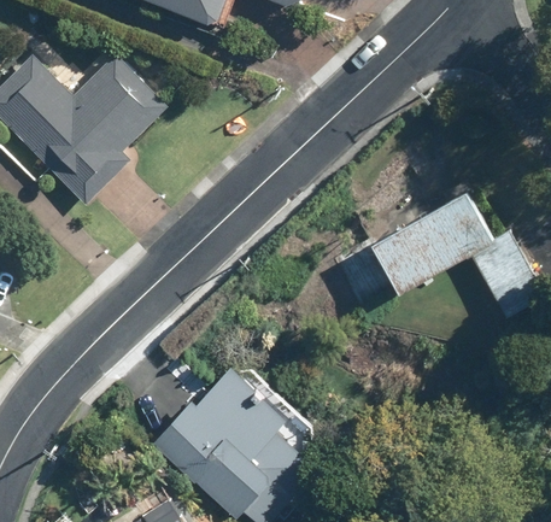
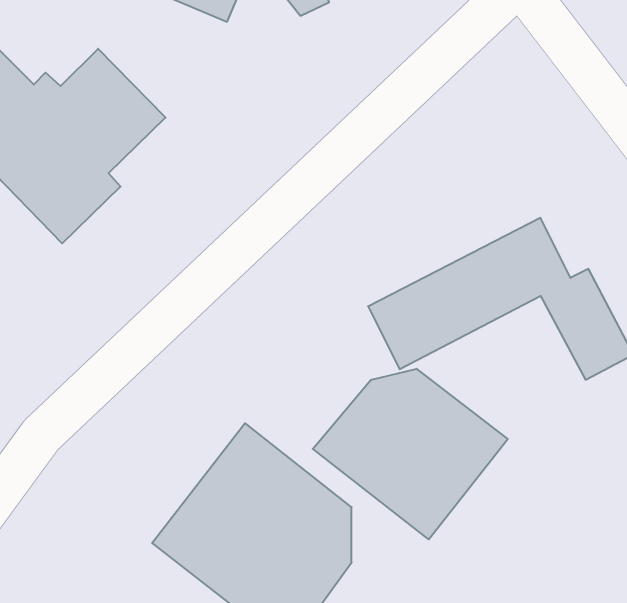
building: none -> [313,369,508,539]

